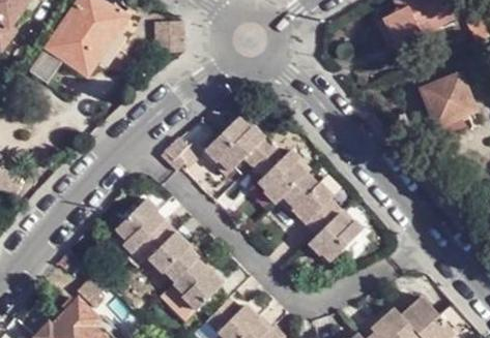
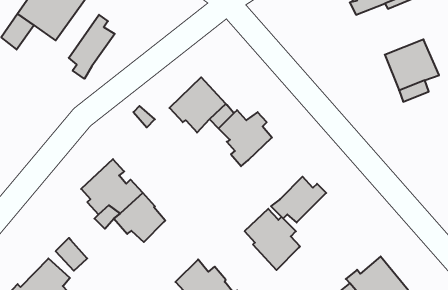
building: none -> [69,15,115,79]
building: [282,175,338,237] -> [245,209,300,270]
building: [173,259,223,311] -> none

